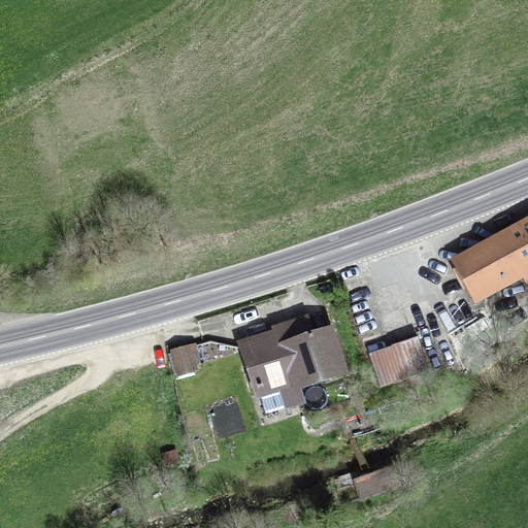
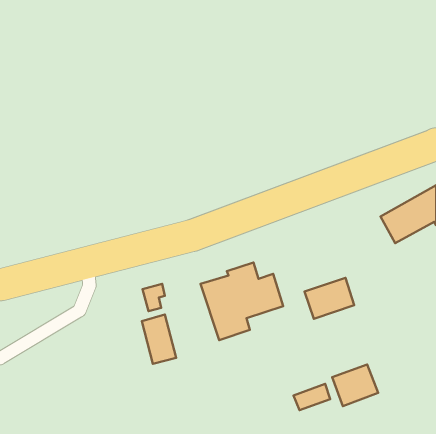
building: none -> [142,314,176,364]
building: none -> [332,364,378,406]

